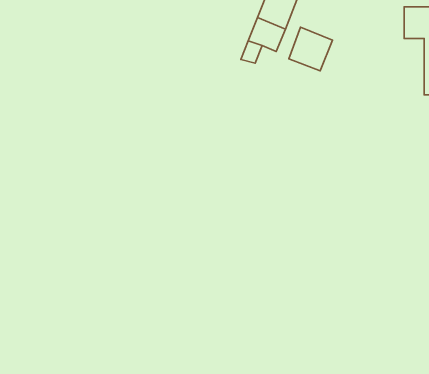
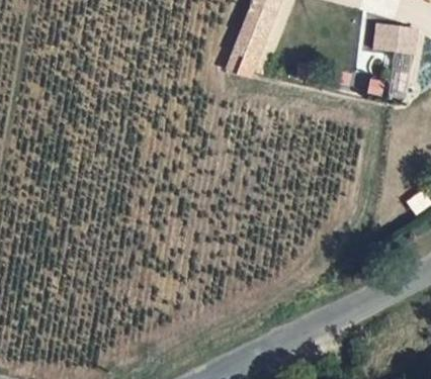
building: [289,27,333,71] -> none

